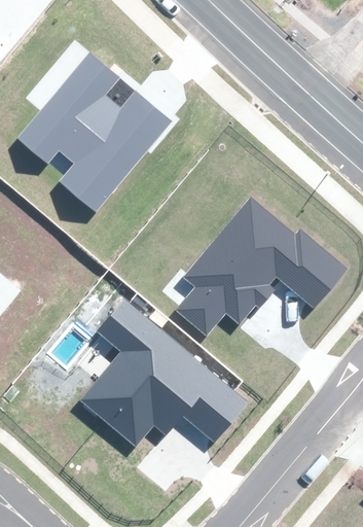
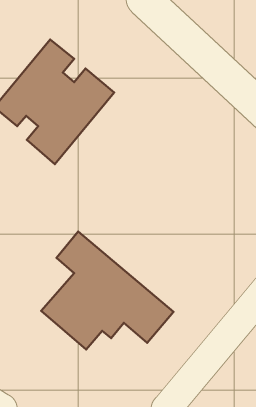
building: [175,197,346,335] -> none

